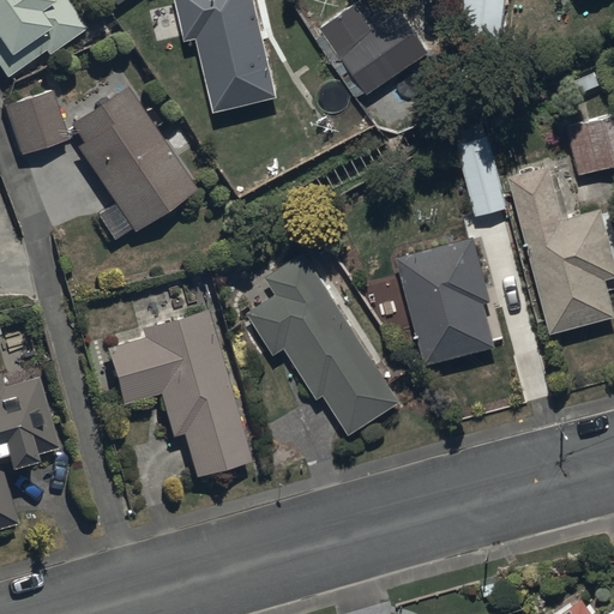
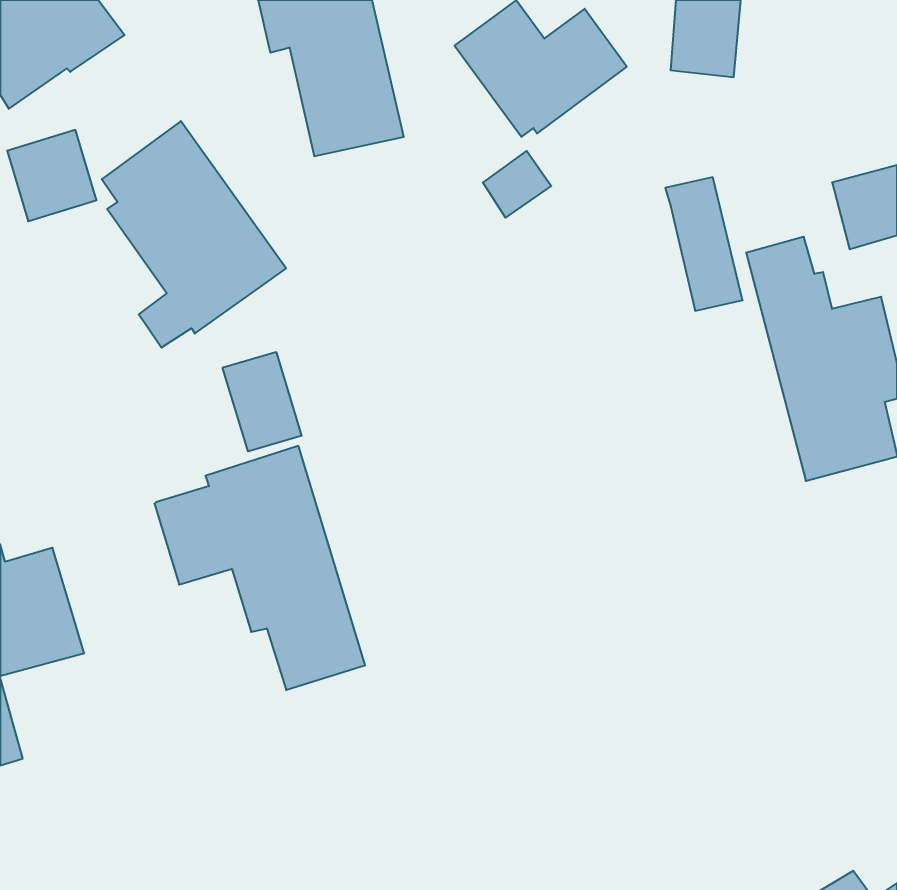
building: [398,236,495,363] -> none
building: none -> [223,352,302,451]
building: [249,252,403,432] -> none

